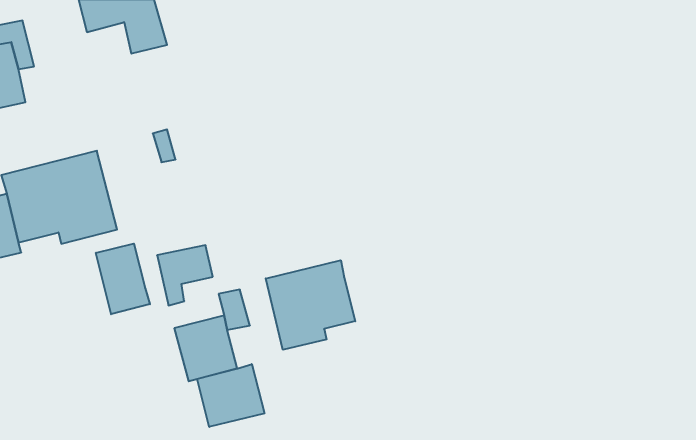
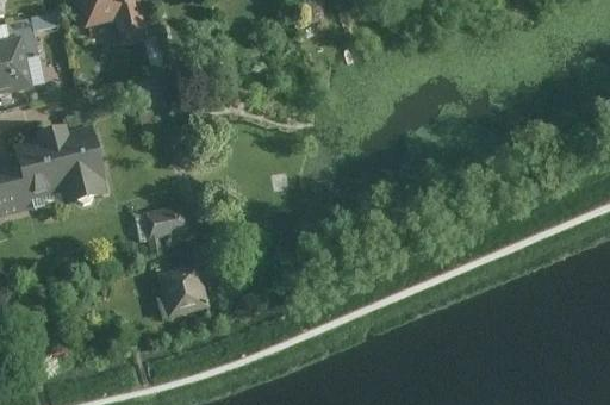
building: [96,244,150,314] -> none
building: [266,260,355,350] -> none
building: [197,364,264,427] -> none

